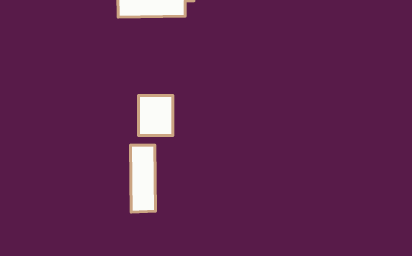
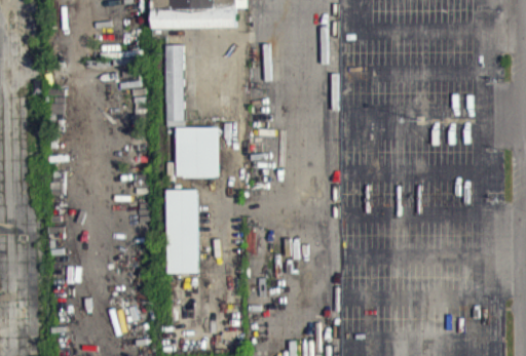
building: none -> [164,44,182,120]

